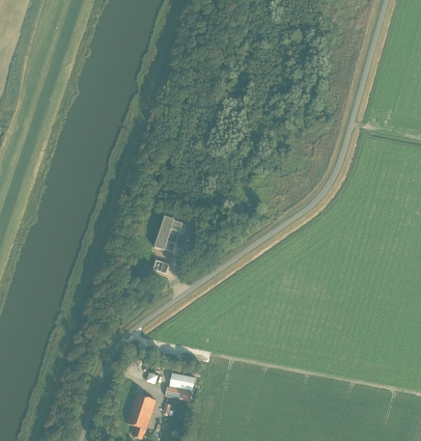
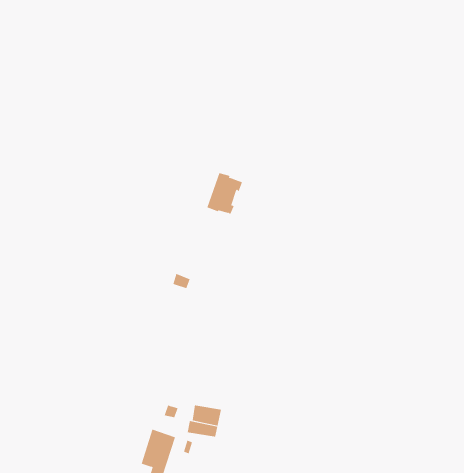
building: [153,216,185,252] -> [207,172,243,215]

